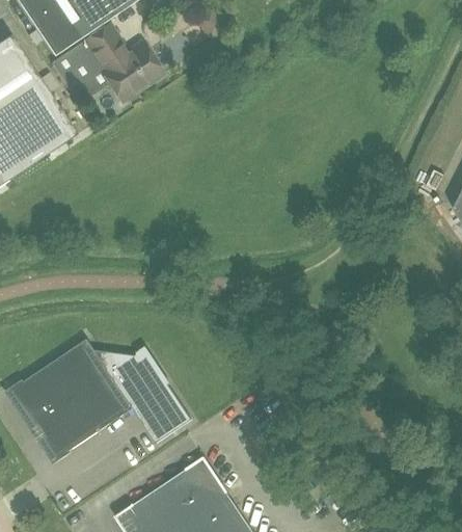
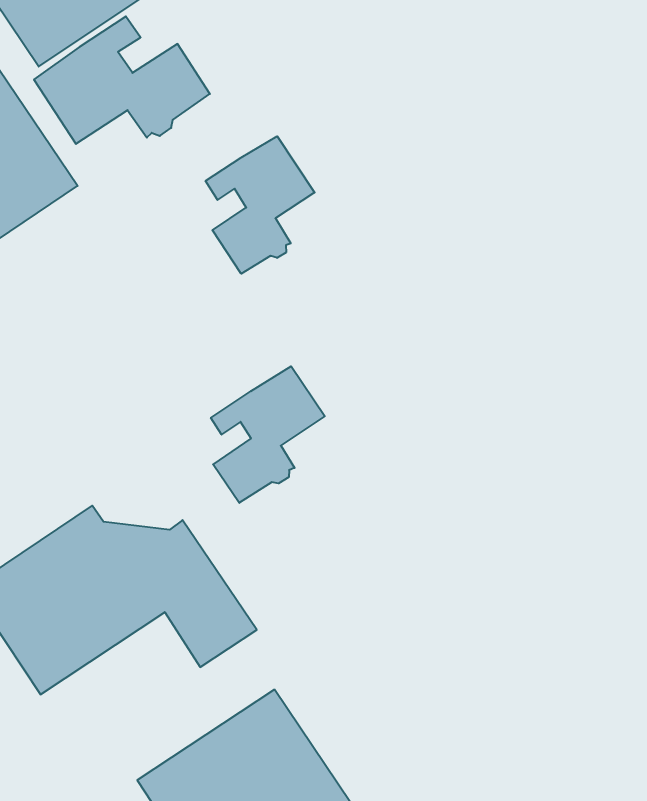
building: none -> [206,136,315,274]
building: none -> [211,366,325,503]

